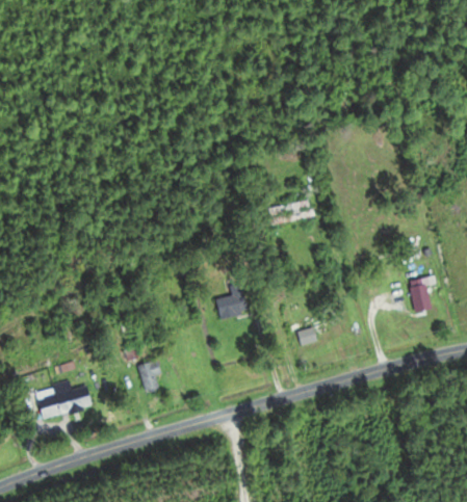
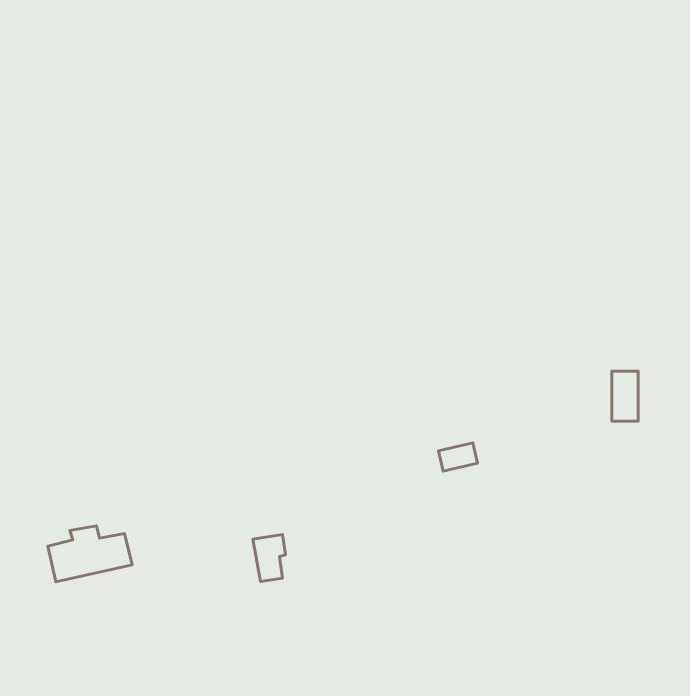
building: [216,281,249,319] -> none
building: [138,362,160,393] -> [253,535,286,581]

